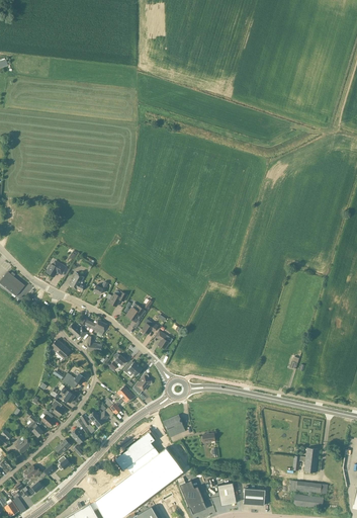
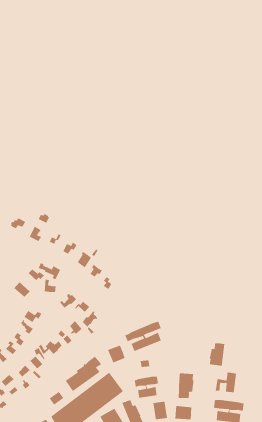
building: none -> [125,321,162,352]
building: none -> [209,343,225,366]
building: none -> [178,372,194,399]
building: none -> [134,376,158,399]

